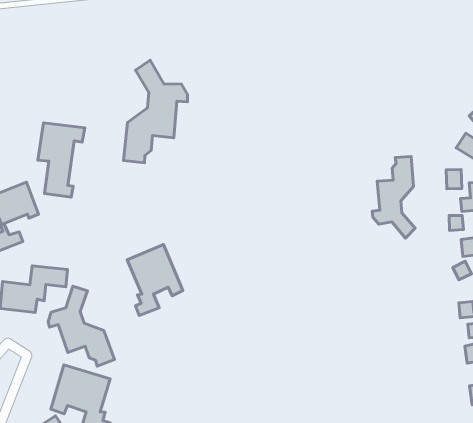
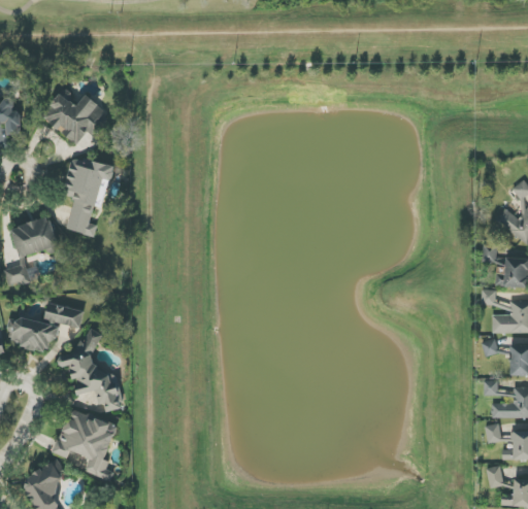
building: none -> [43,90,110,144]
building: [123,60,188,163] -> none
building: [372,156,415,238] -> none
building: [127,245,183,315] -> none

